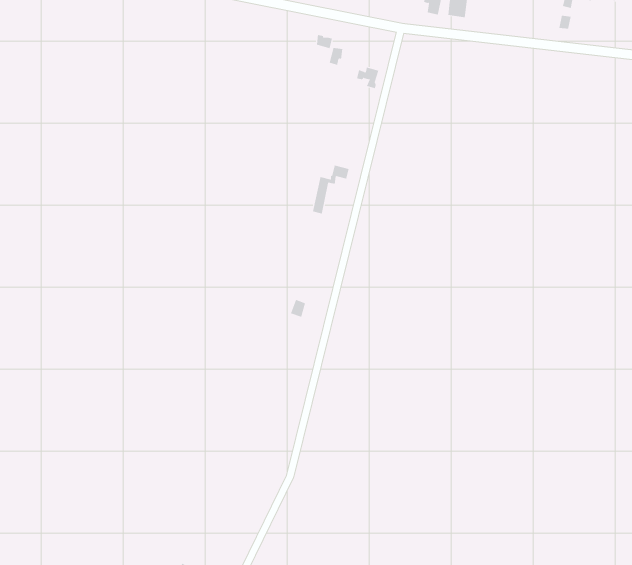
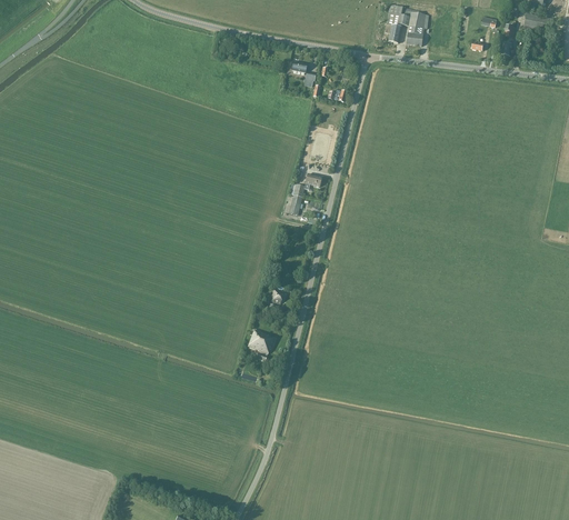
building: none -> [248,330,276,362]

